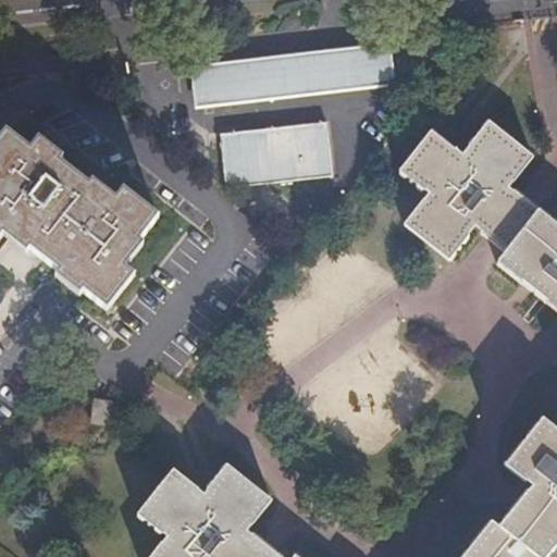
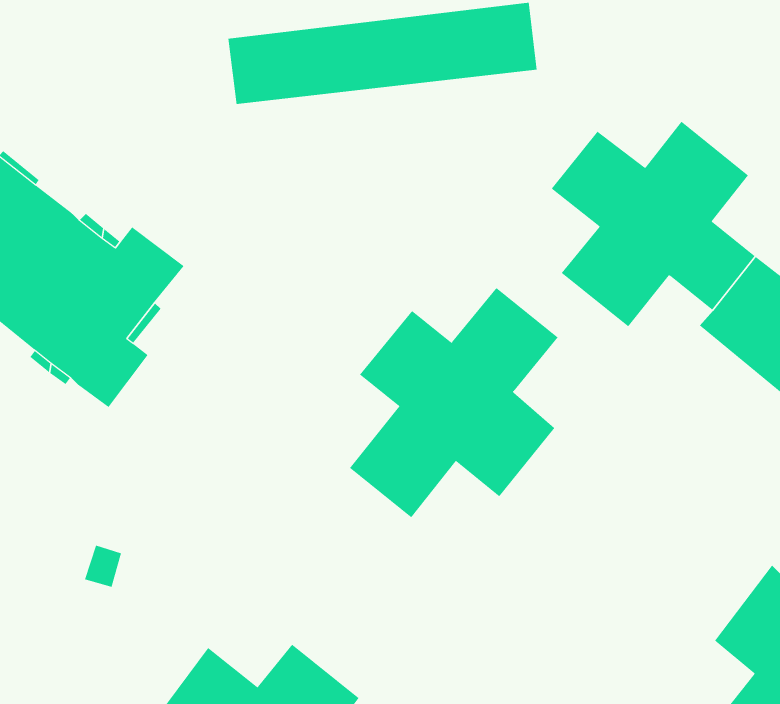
building: [218,121,331,187] -> none
building: none -> [349,287,559,518]

